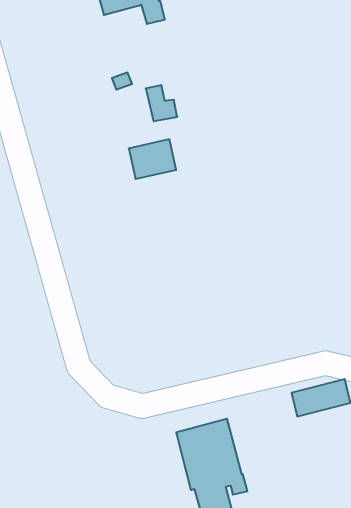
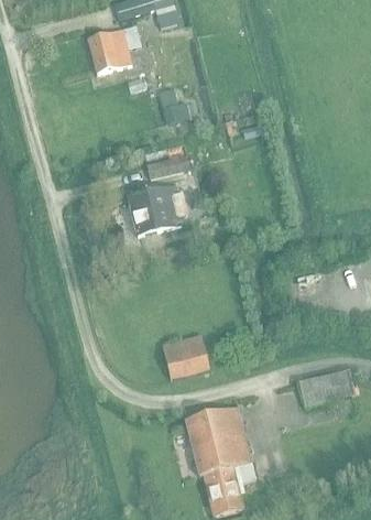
building: none -> [88,26,141,75]
building: none -> [129,185,186,235]
building: none -> [161,329,208,375]

